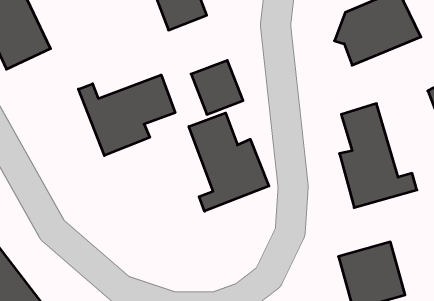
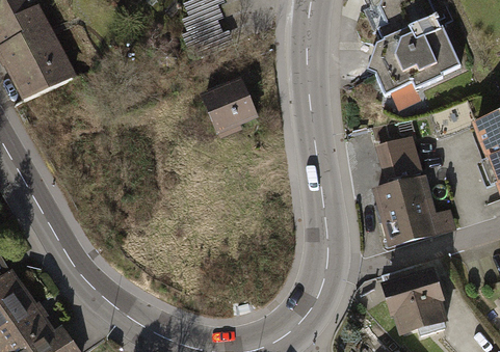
building: [78,75,175,156] -> none
building: [189,113,269,211] -> none

